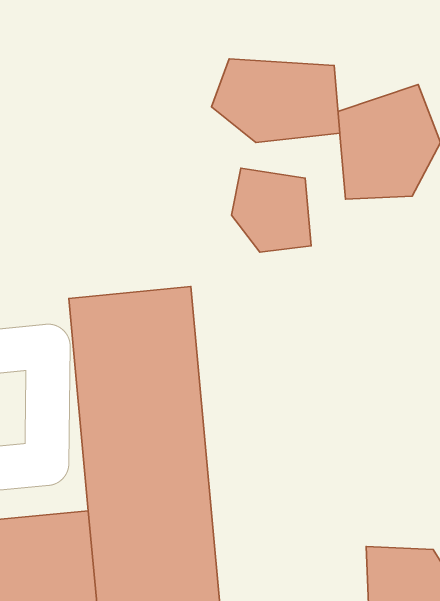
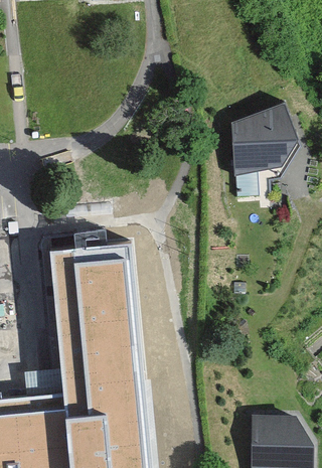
building: [211,59,340,142] -> none
building: [231,168,311,252] -> none

